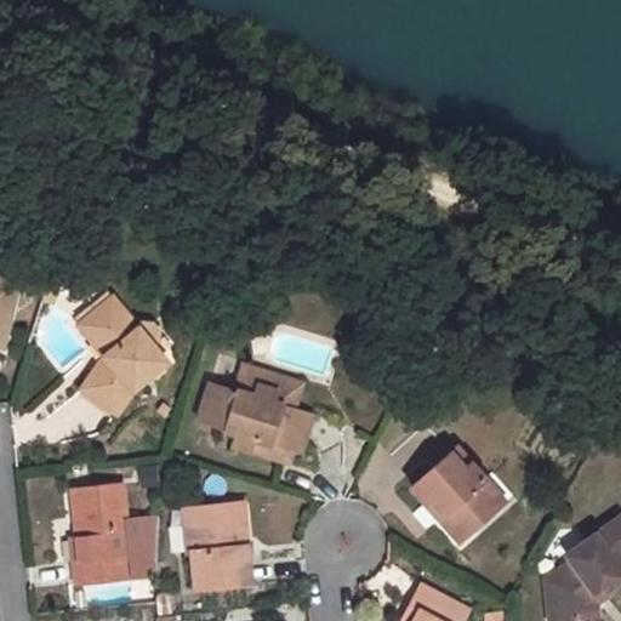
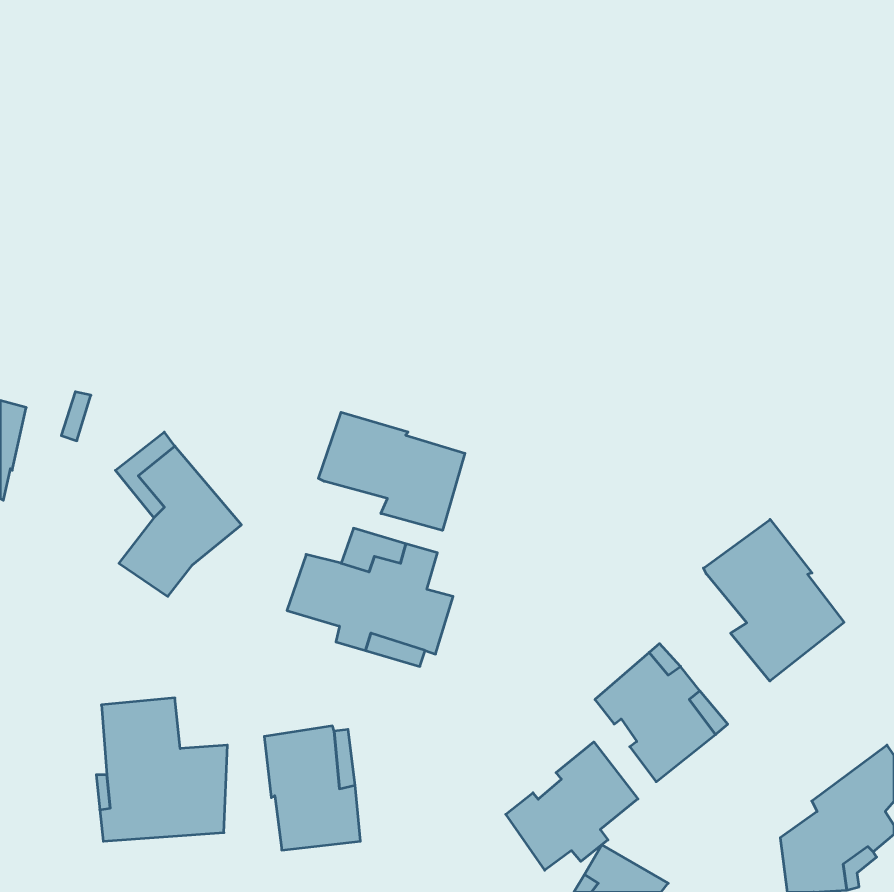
building: none -> [318,412,465,530]
building: none -> [703,519,844,681]
building: none -> [506,742,638,870]

